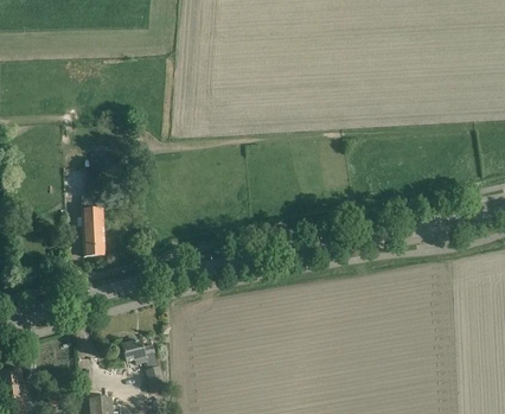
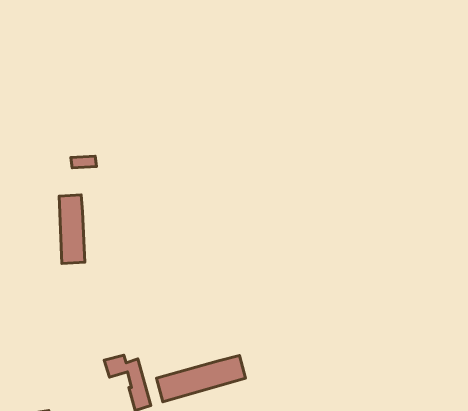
building: none -> [156,355,245,402]

